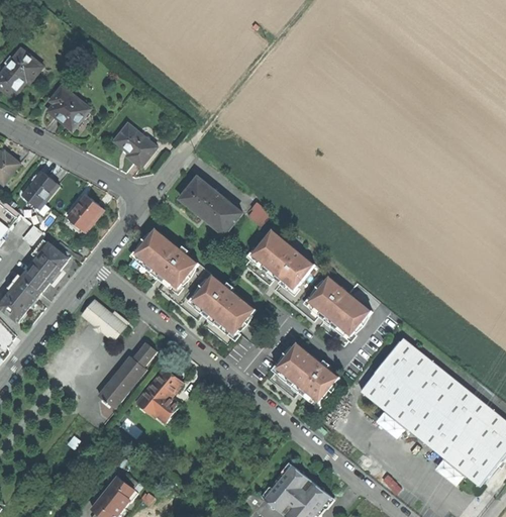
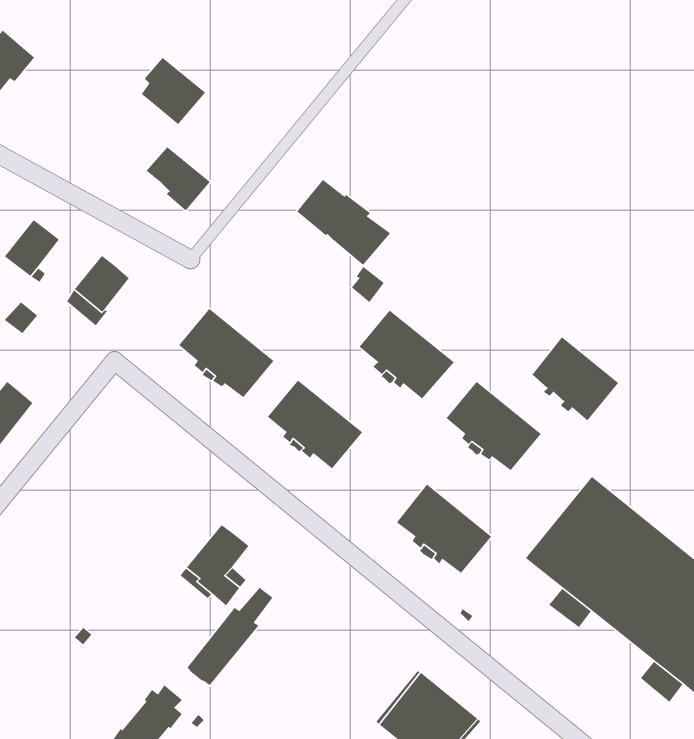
building: [47,86,90,130] -> [141,57,206,125]
building: [180,178,241,234] -> [296,179,391,266]
building: [23,240,67,291] -> none
building: none -> [531,336,619,422]
building: [82,301,126,340] -> none
building: [98,343,155,408] -> [186,587,273,686]

